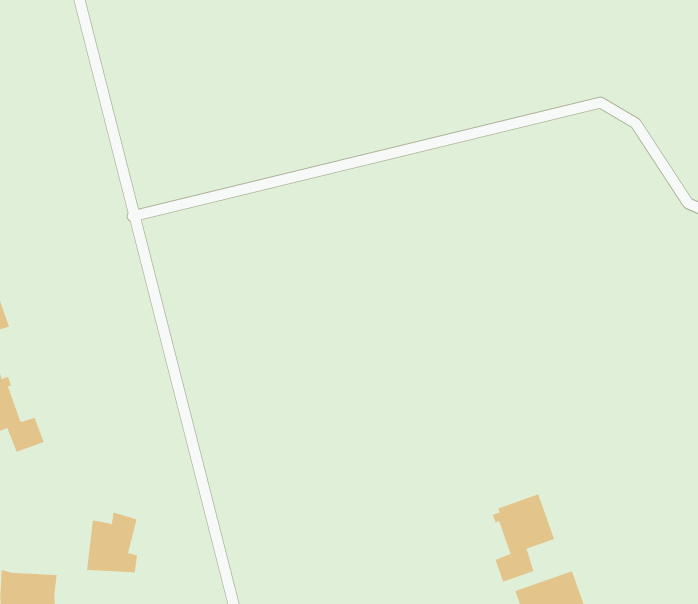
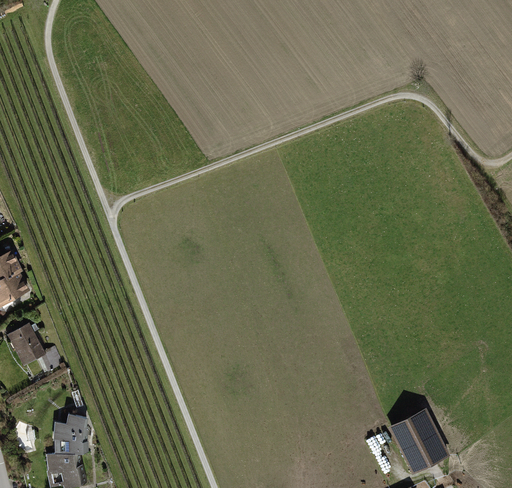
building: [492,494,555,582] -> none
building: [86,512,138,573] -> [53,412,86,453]

